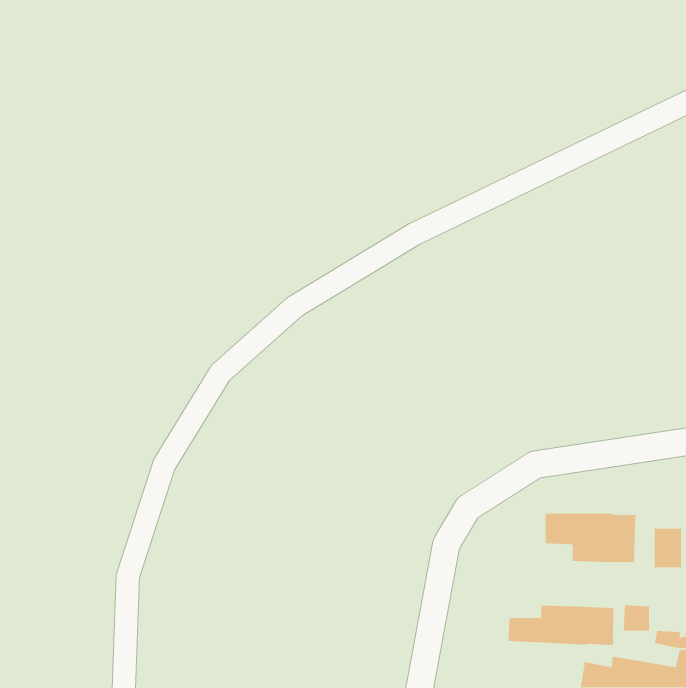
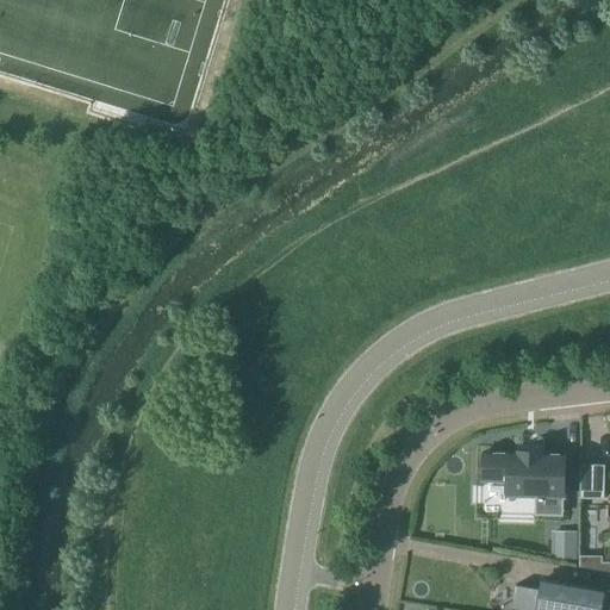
building: [508,605,614,646] -> none

